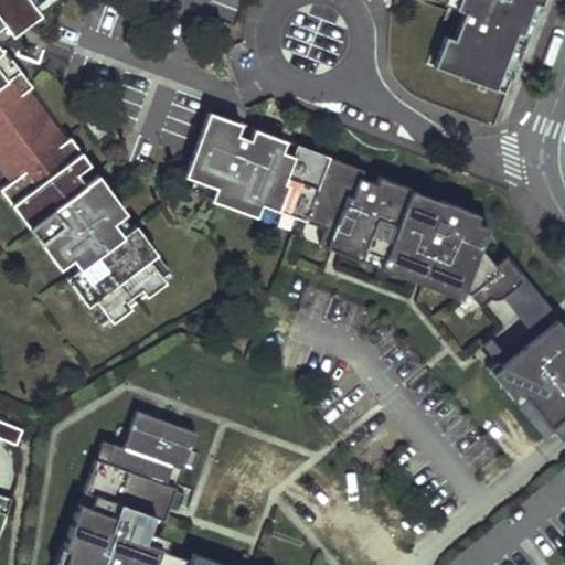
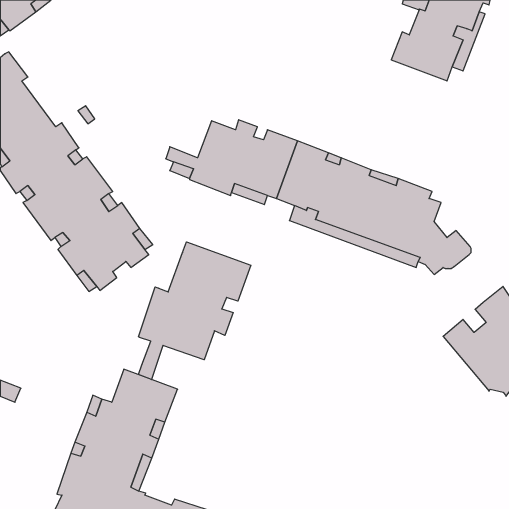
building: [189,111,265,175] -> none
building: none -> [138,242,251,380]
building: [503,274,557,335] -> none

